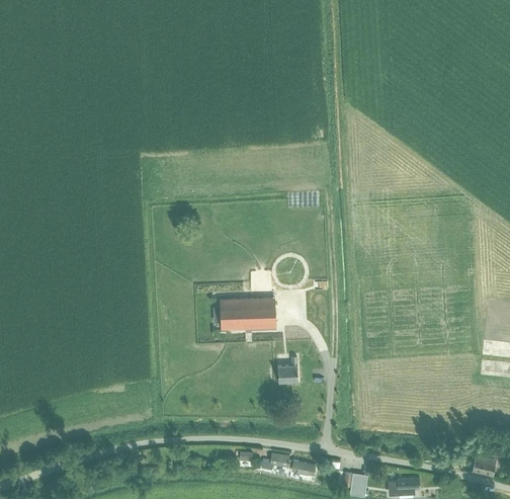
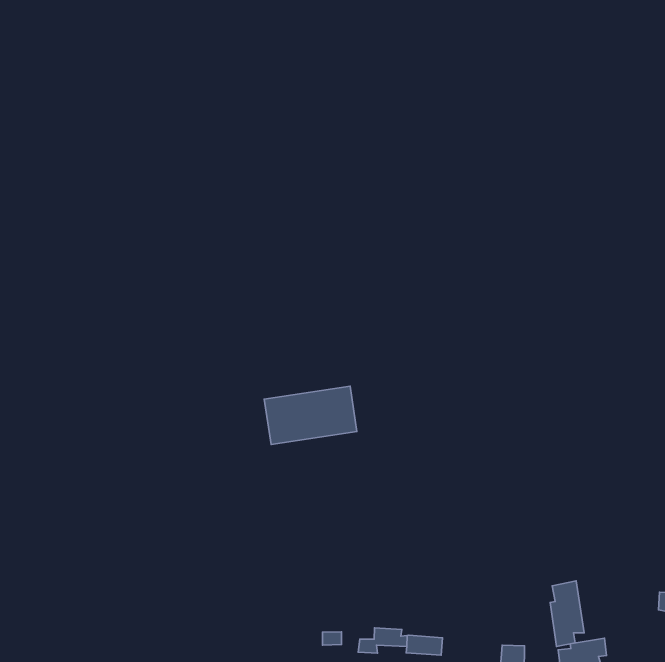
building: [277,357,299,384] -> none
building: none -> [550,581,584,646]

